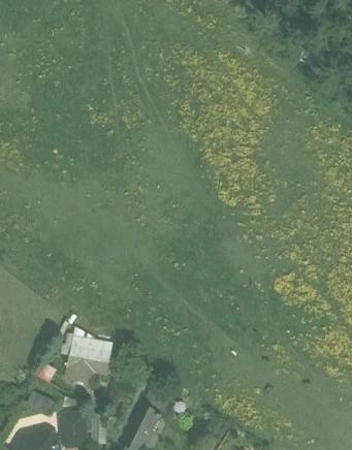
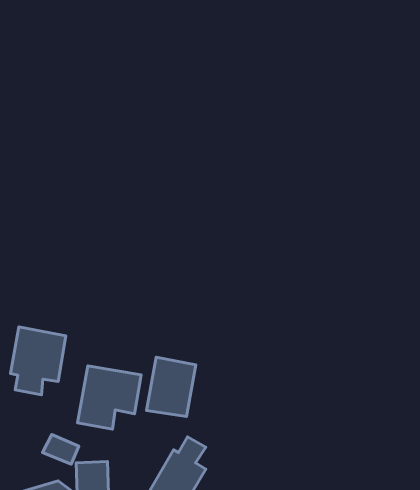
building: none -> [11,327,66,395]
building: none -> [147,357,196,417]

